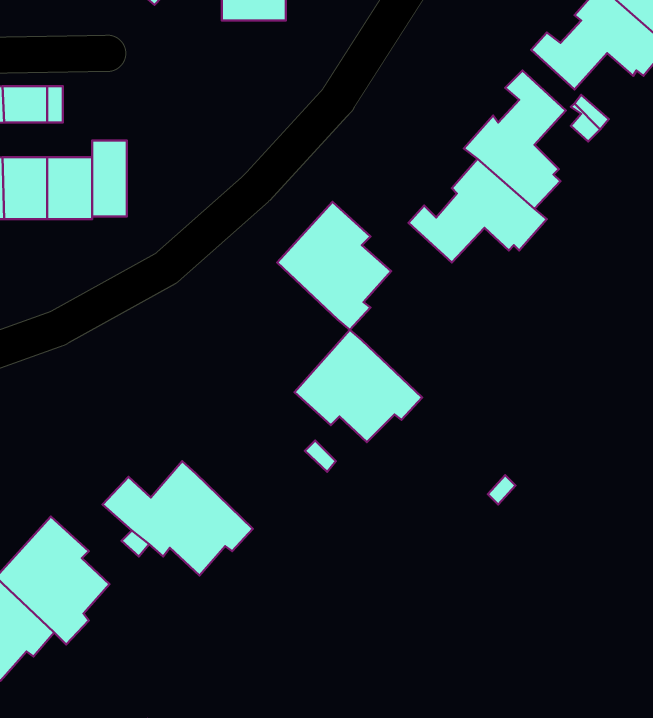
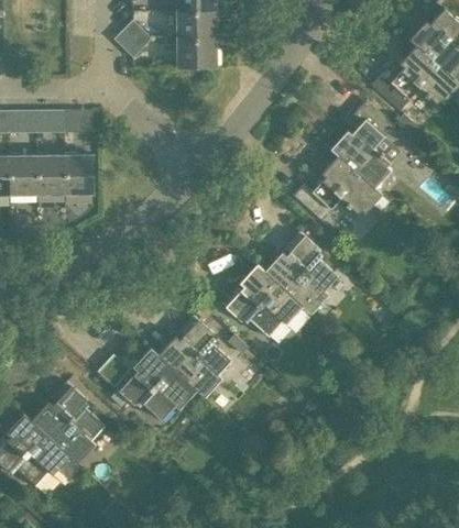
building: [92,140,127,216] -> none
building: [277,202,391,330] -> [265,233,338,315]
building: none -> [160,318,231,399]

